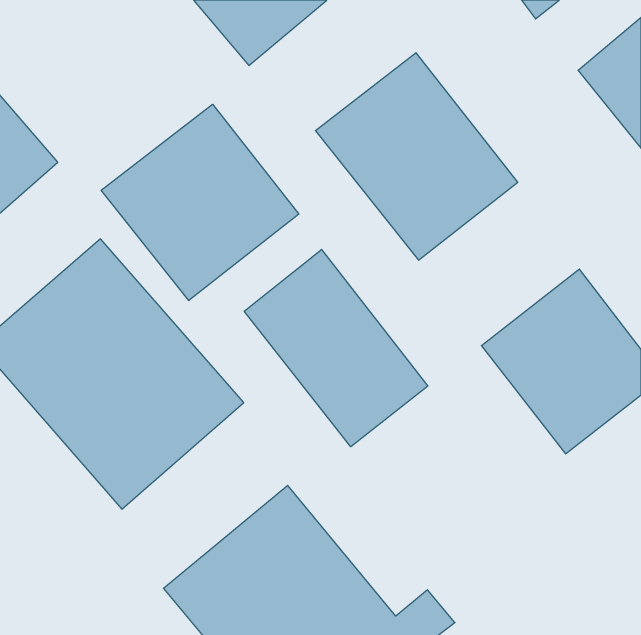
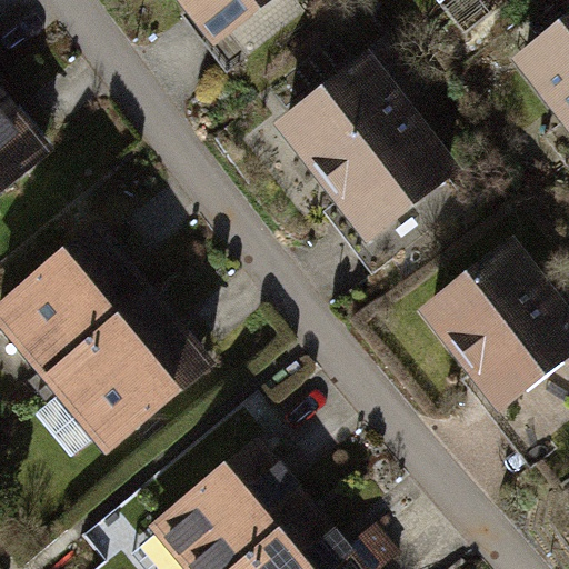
building: [101,104,299,301] -> none
building: [244,249,428,447] -> none

